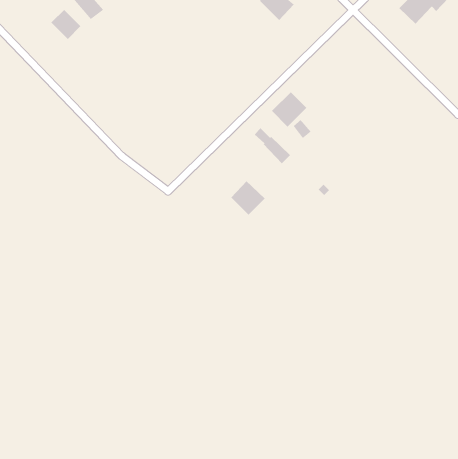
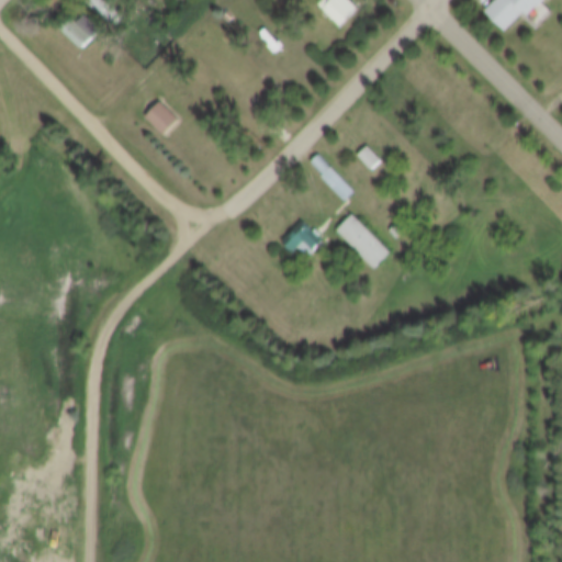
building: none -> [144,101,178,134]
building: [271,91,307,127] -> none
building: none -> [335,214,390,268]

